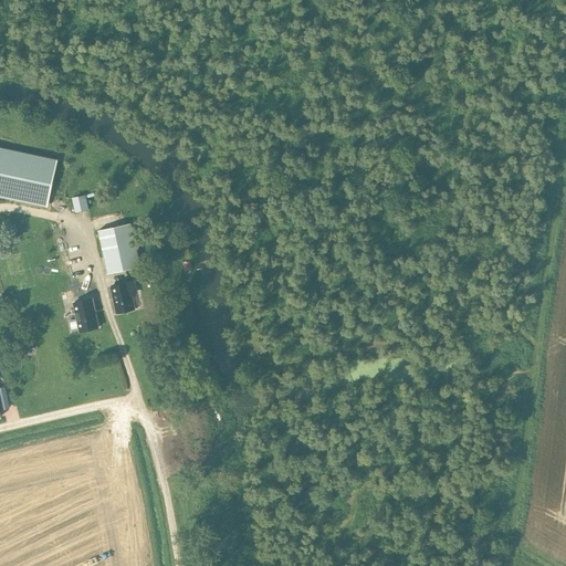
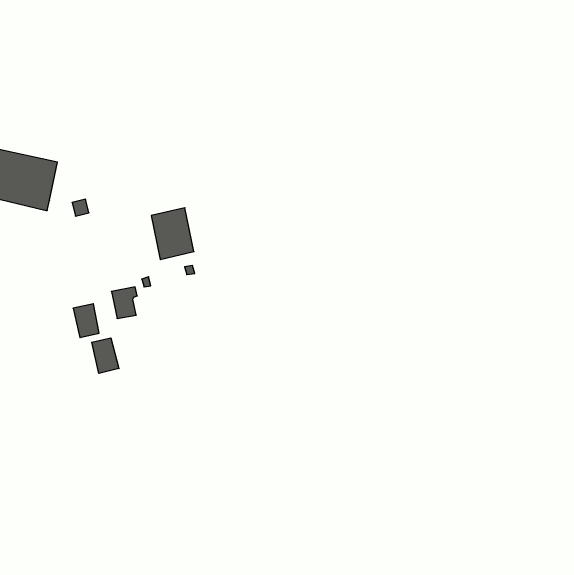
building: [97,223,139,274] -> [151,208,194,260]
building: none -> [92,338,119,373]

